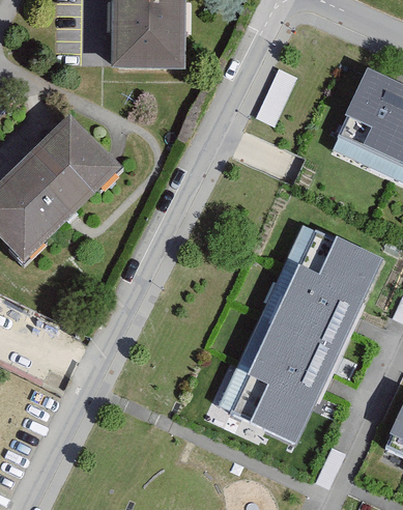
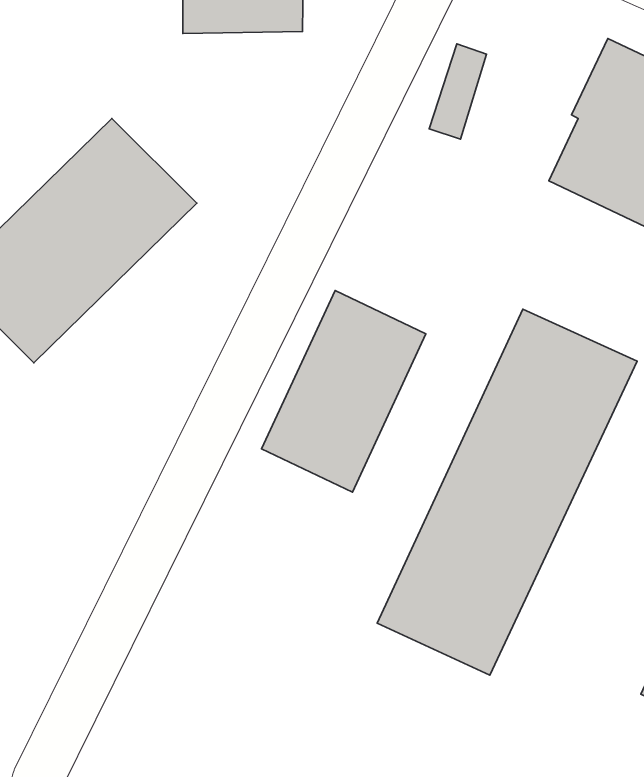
building: none -> [262,291,426,492]

